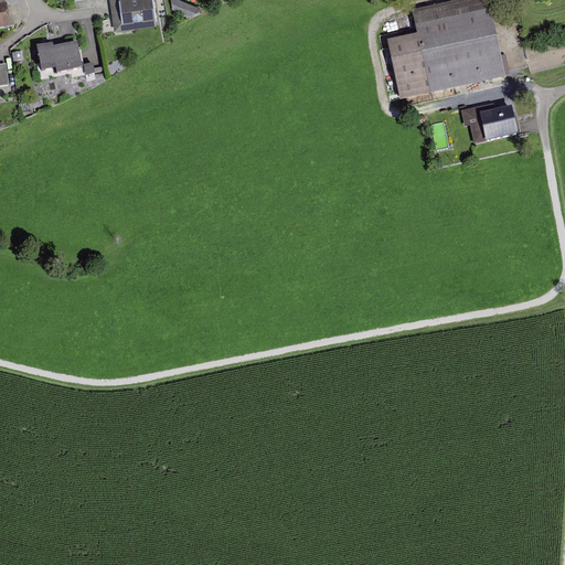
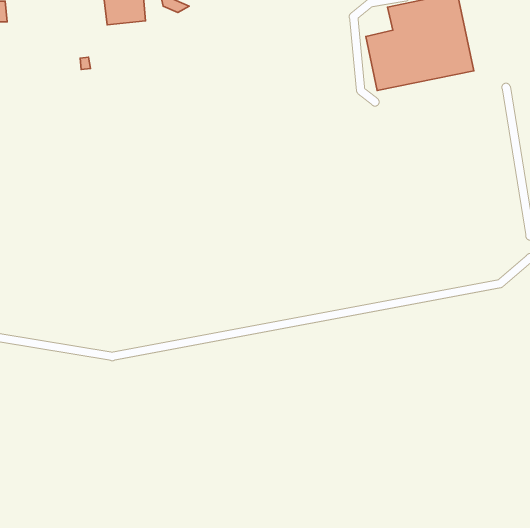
building: [39,41,82,72] -> none
building: [460,105,518,142] -> none

